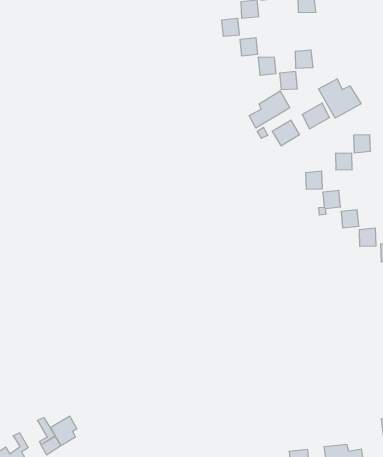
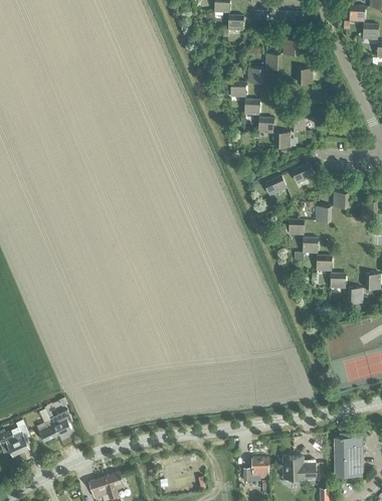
building: [319,79,361,118] -> none
building: [249,91,290,128] -> none

